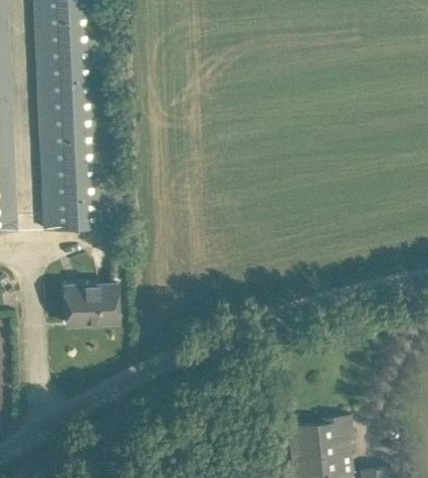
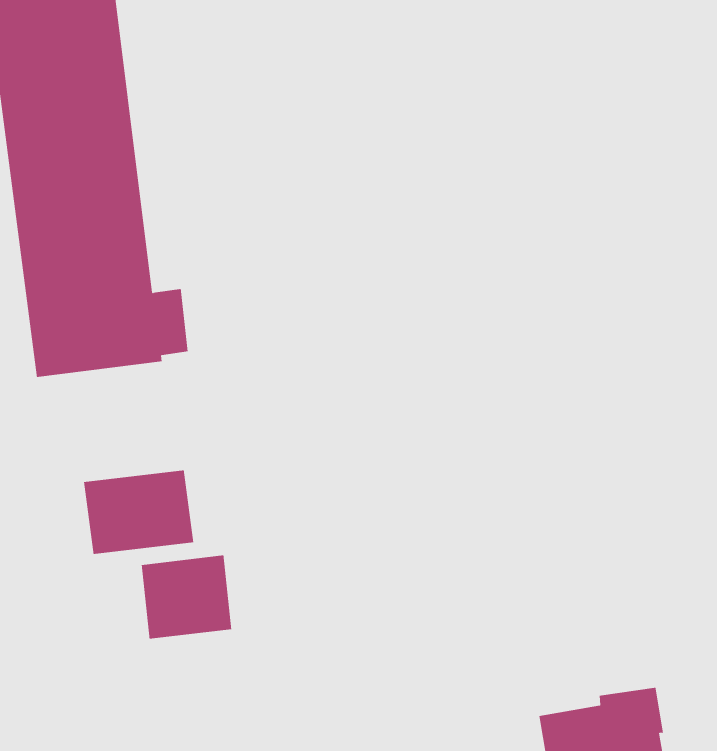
building: none -> [141,555,232,640]

